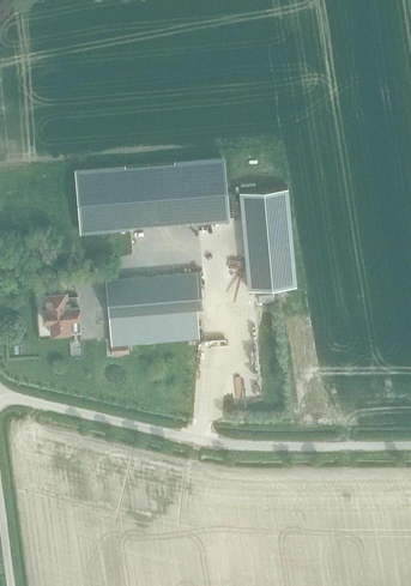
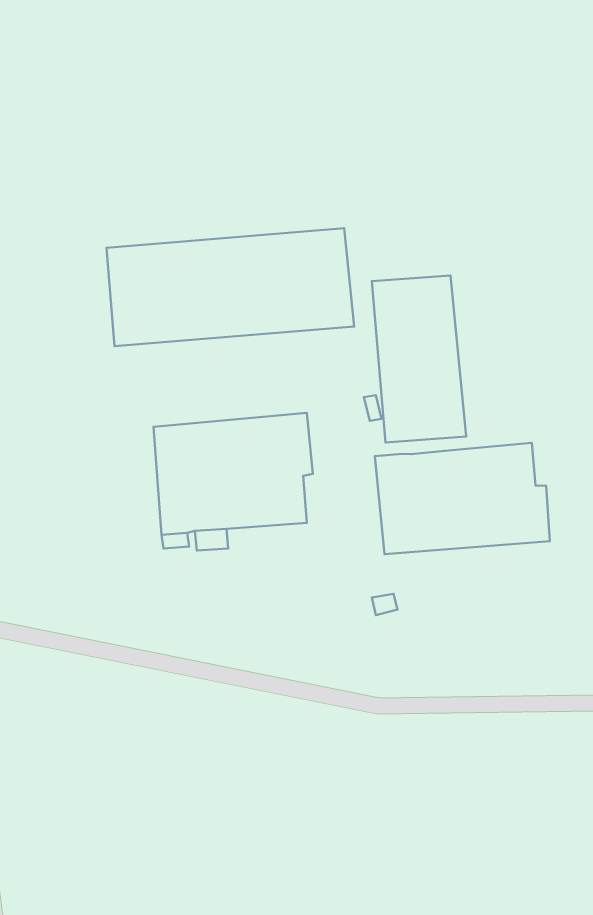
building: none -> [375,443,550,554]
building: [41,295,79,337] -> none

